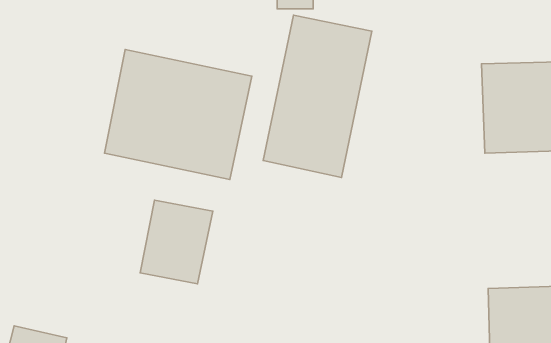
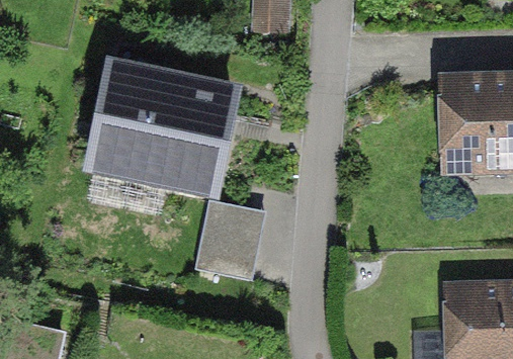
building: [263,15,372,178] -> none
building: [140,200,213,284] -> [197,200,264,277]

